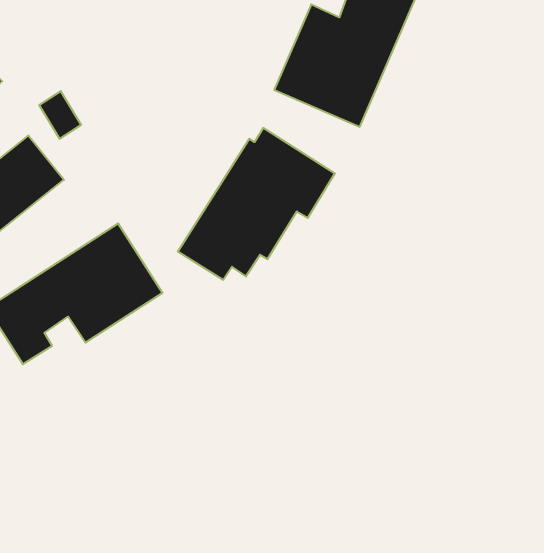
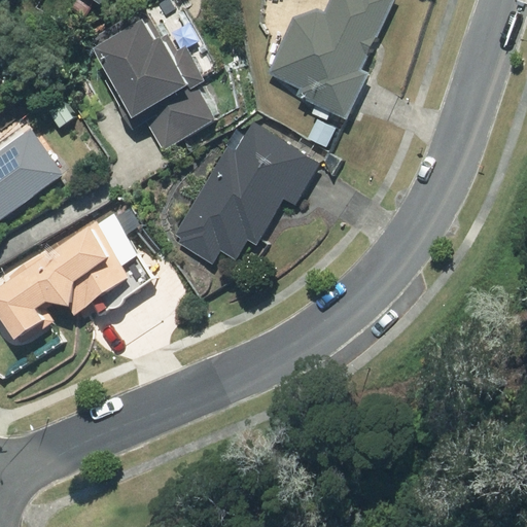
building: none -> [94,8,215,152]

